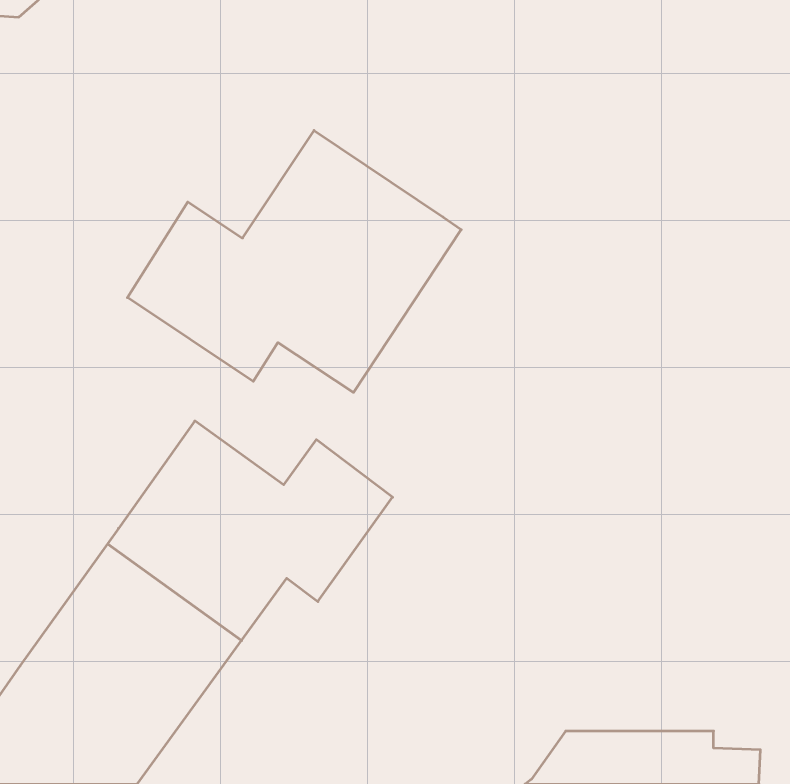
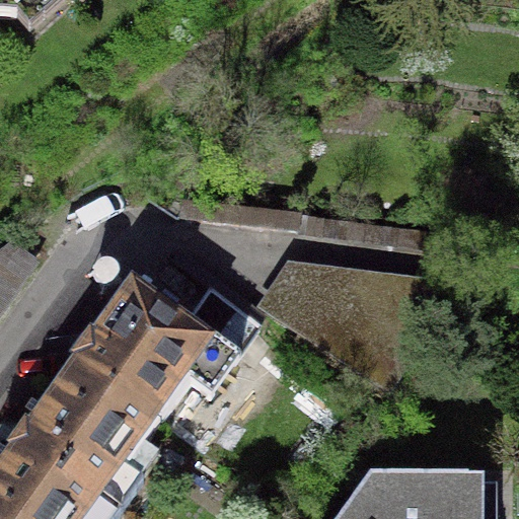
building: [127,130,461,392] -> none
building: none -> [264,272,421,385]

